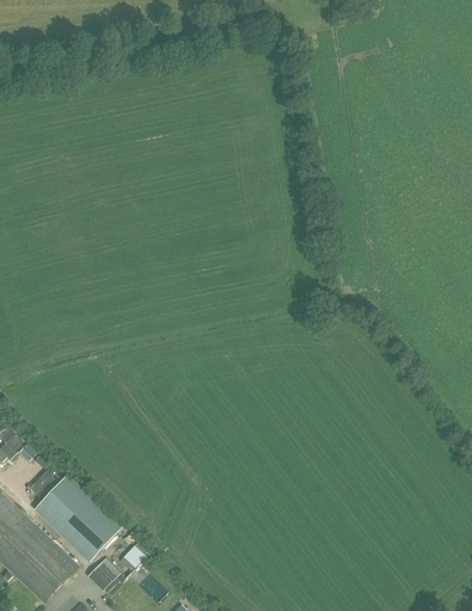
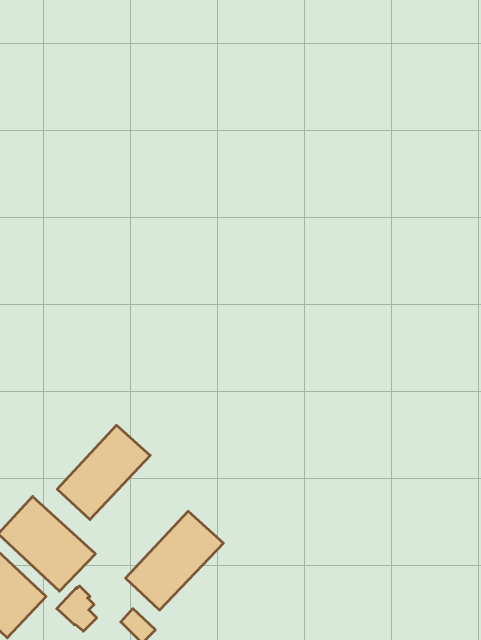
building: none -> [57,425,150,520]
building: none -> [126,511,223,610]

